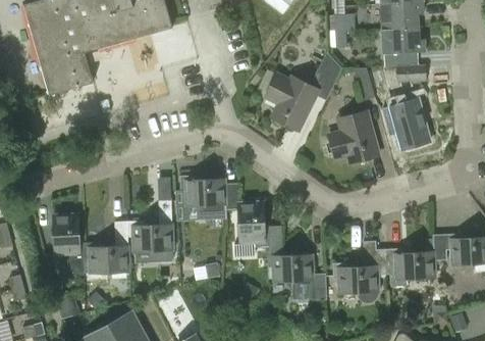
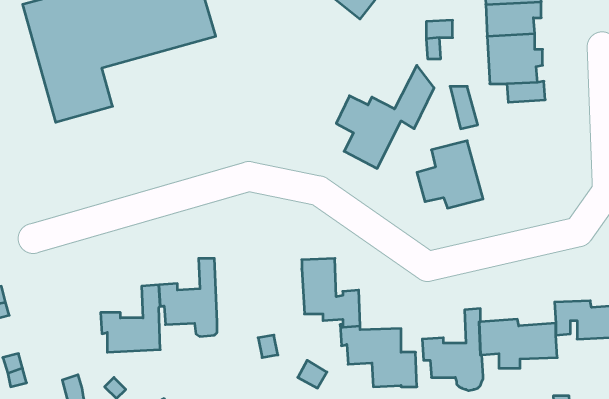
building: [389,100,427,149] -> none
building: [180,176,238,220] -> none
building: [53,214,85,259] -> none

